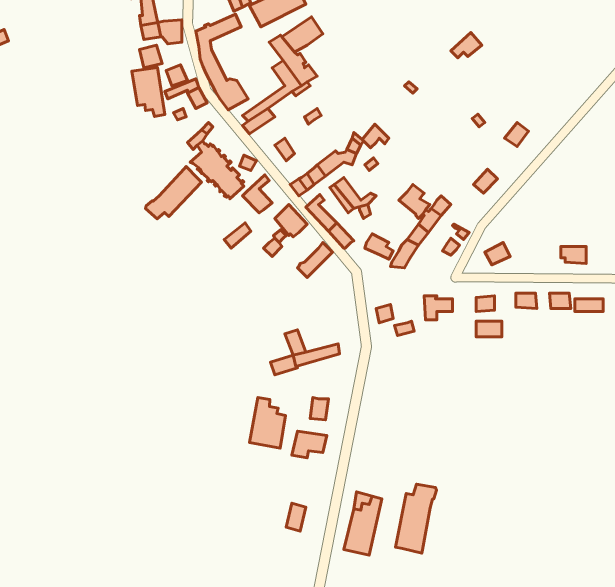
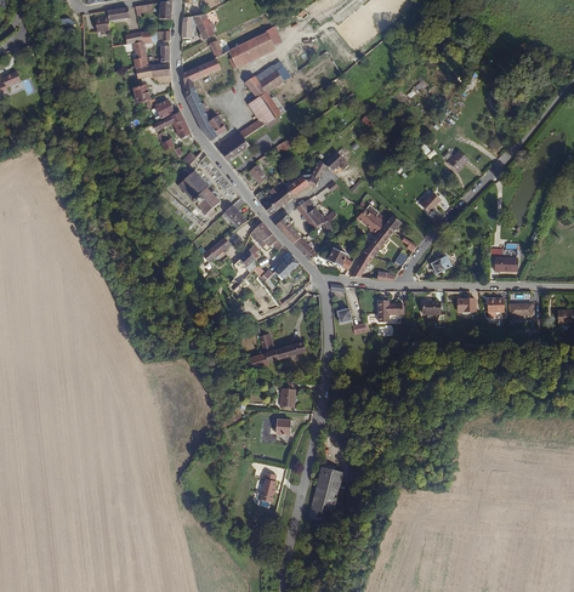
building: [132,67,165,117] -> none
building: [145,167,202,219] -> none
building: [250,398,285,448] -> none
building: [396,484,436,553] -> none

